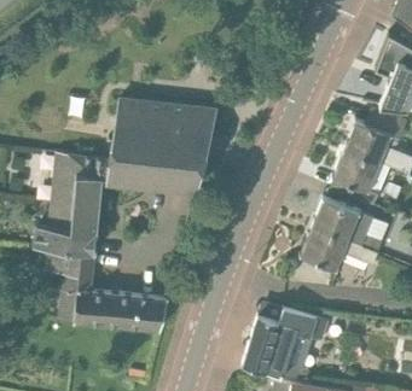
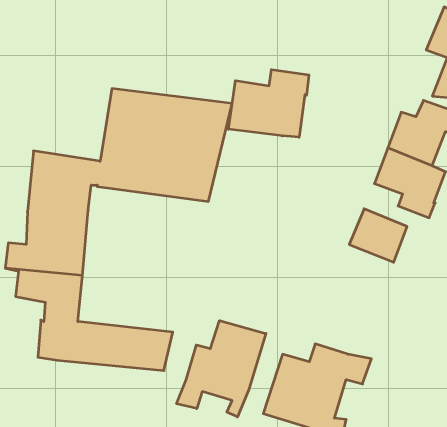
building: none -> [228,70,309,137]
building: [300,227,382,270] -> none
building: none -> [177,321,266,417]

